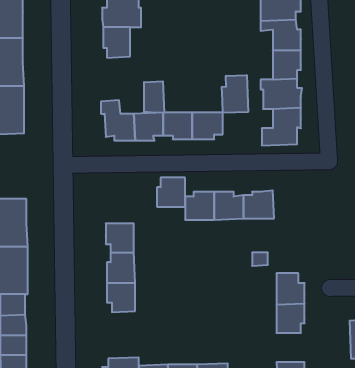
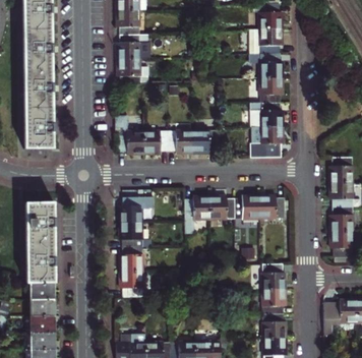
building: [222,75,248,113] -> none
building: [144,81,164,113] -> none
building: [157,178,185,207] -> [120,198,143,223]
building: none -> [259,195,285,219]
building: none -> [262,314,286,339]

